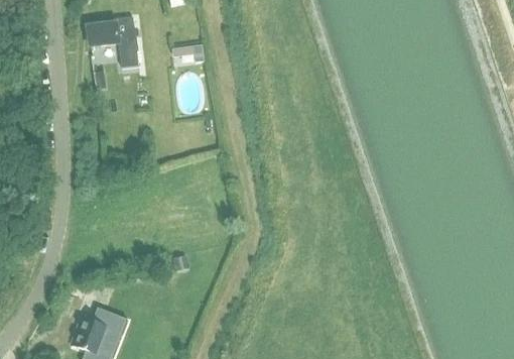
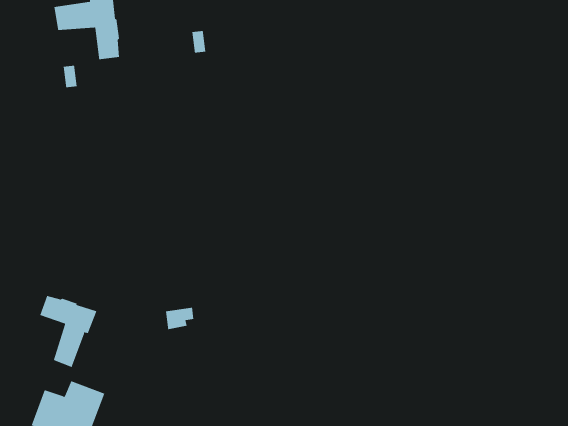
building: none -> [39,295,97,368]

